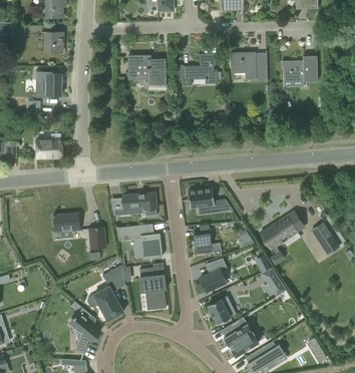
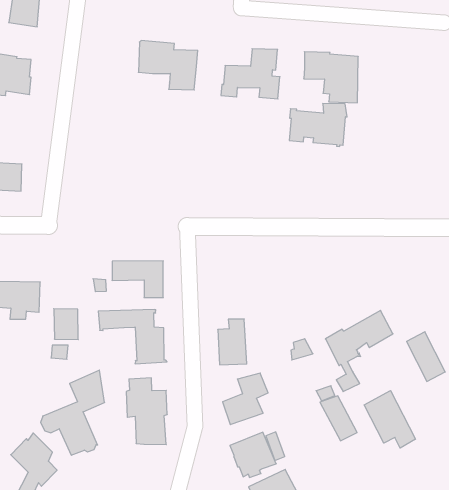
building: [282,55,318,82] -> [289,104,347,146]
building: [188,188,232,213] -> none
building: none -> [364,391,415,448]

